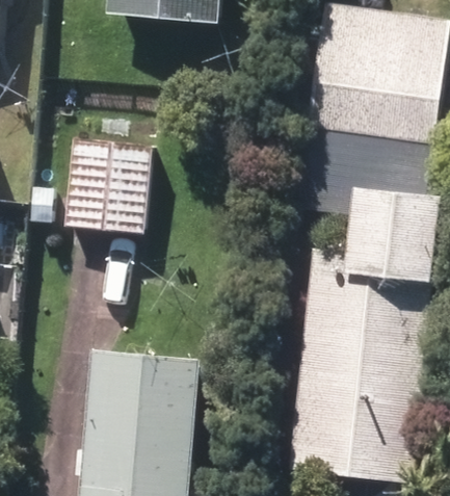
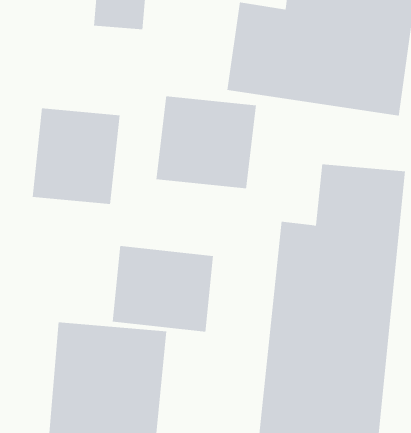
building: none -> [156,95,256,189]
building: none -> [112,245,214,332]

